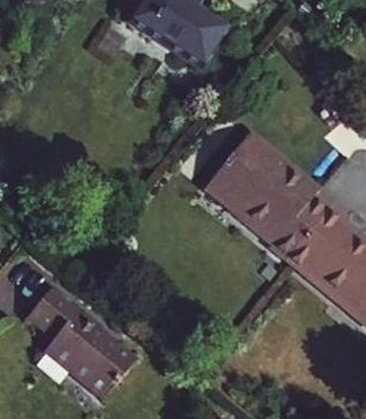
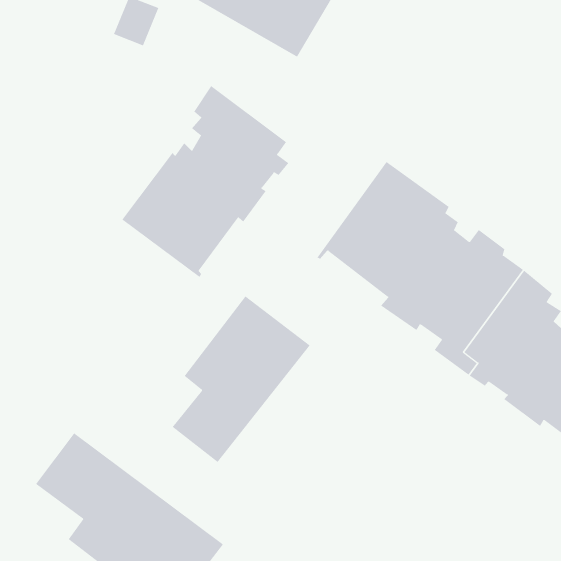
building: none -> [121,85,289,278]
building: none -> [172,295,310,463]

